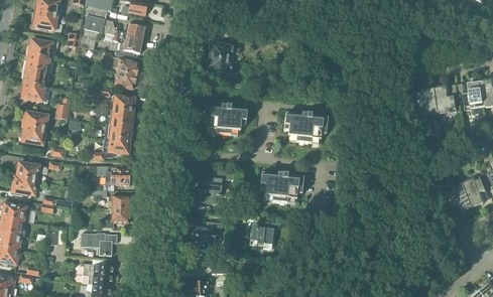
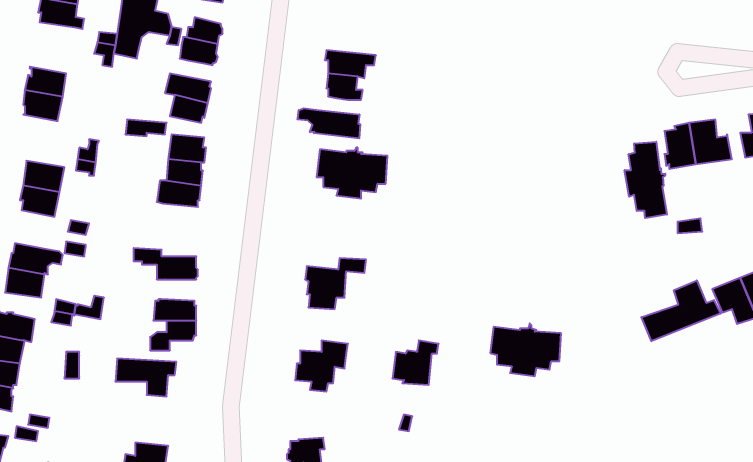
building: [27,39,57,57] -> none
building: none -> [297,108,360,138]
building: [16,82,49,102] -> none
building: none -> [625,142,667,218]
building: [283,111,327,142] -> none
building: [103,136,131,157] -> none
building: [259,170,302,202] -> [490,323,561,376]
building: none -> [641,280,721,341]
building: [82,262,114,285] -> none

